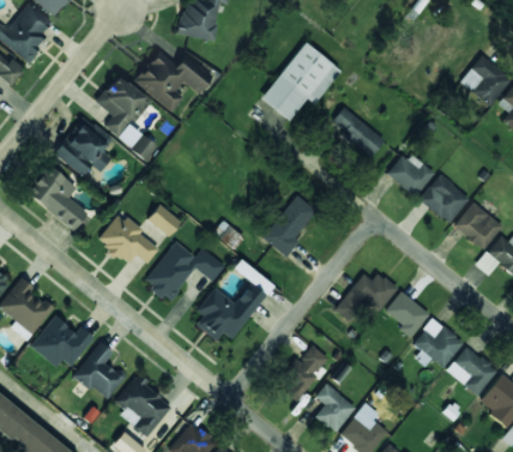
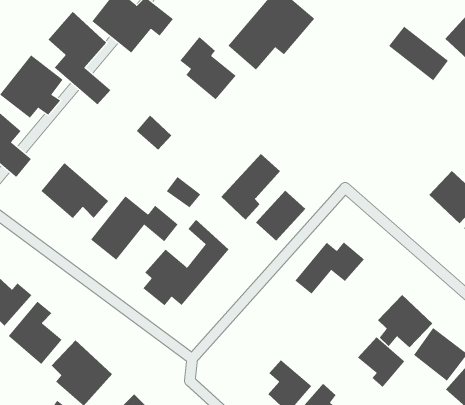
building: none -> [180,36,237,100]
building: [328,108,385,157] -> [388,26,449,81]
building: [386,151,434,197] -> none
building: [420,174,470,223] -> none
building: [147,204,181,236] -> [136,115,172,150]
building: none -> [255,190,306,241]
building: [385,291,429,338] -> [357,336,405,388]
building: [279,345,330,403] -> none

